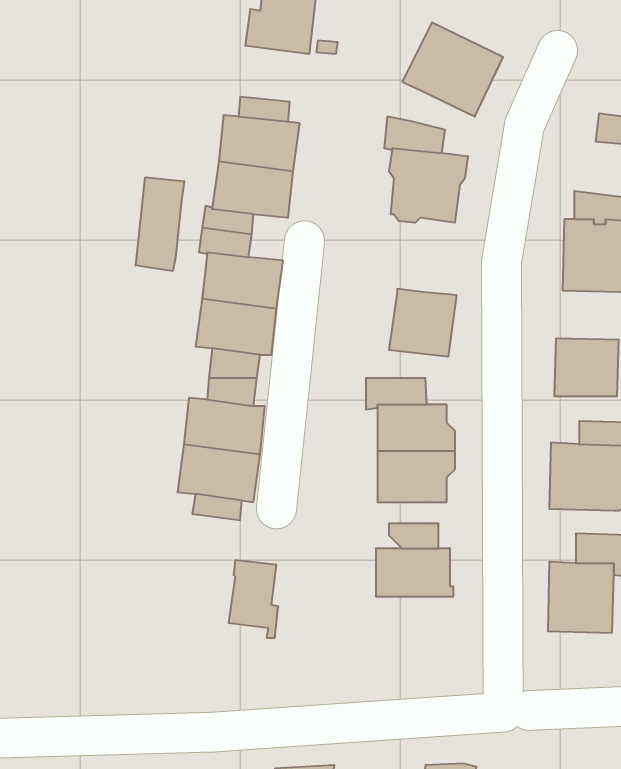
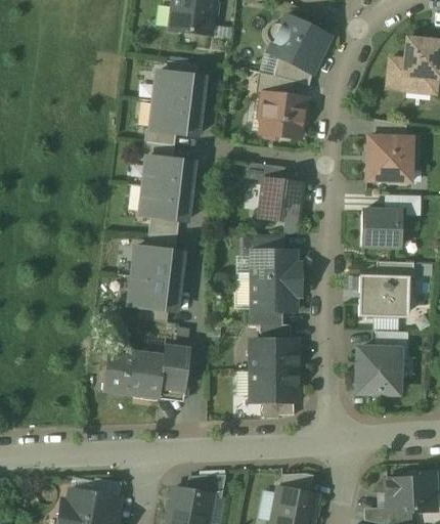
building: none -> [273,57,312,86]
building: [136,177,184,271] -> none
building: none -> [246,163,282,182]
building: none -> [246,309,282,325]
building: none -> [102,351,164,397]
building: none -> [251,370,299,402]

